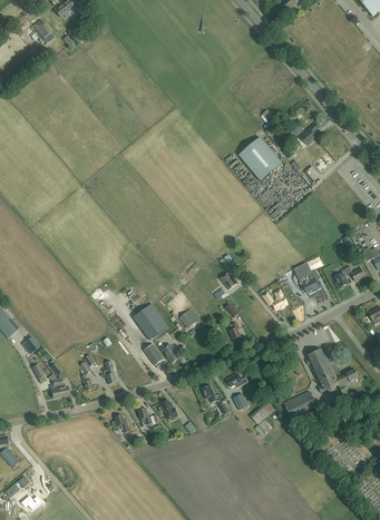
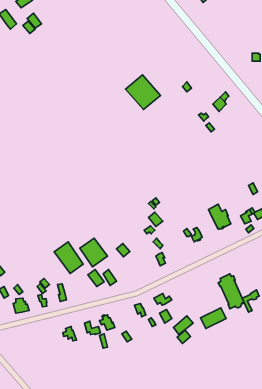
building: [238,137,282,180] -> [126,75,160,110]
building: none -> [54,242,83,273]

